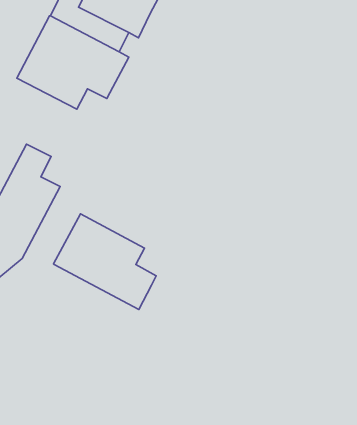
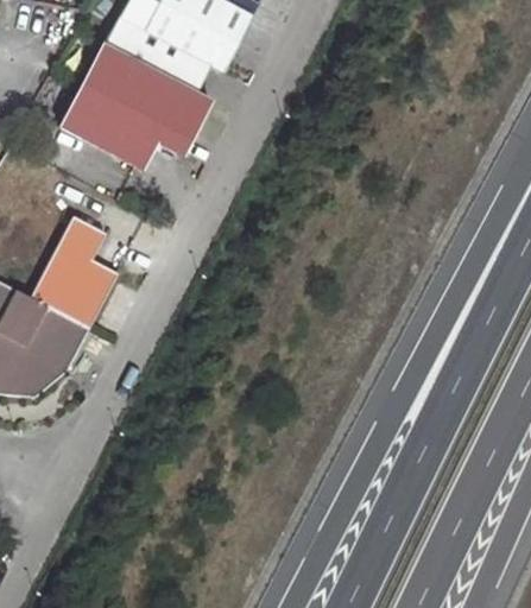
building: [53,214,156,309] -> none

